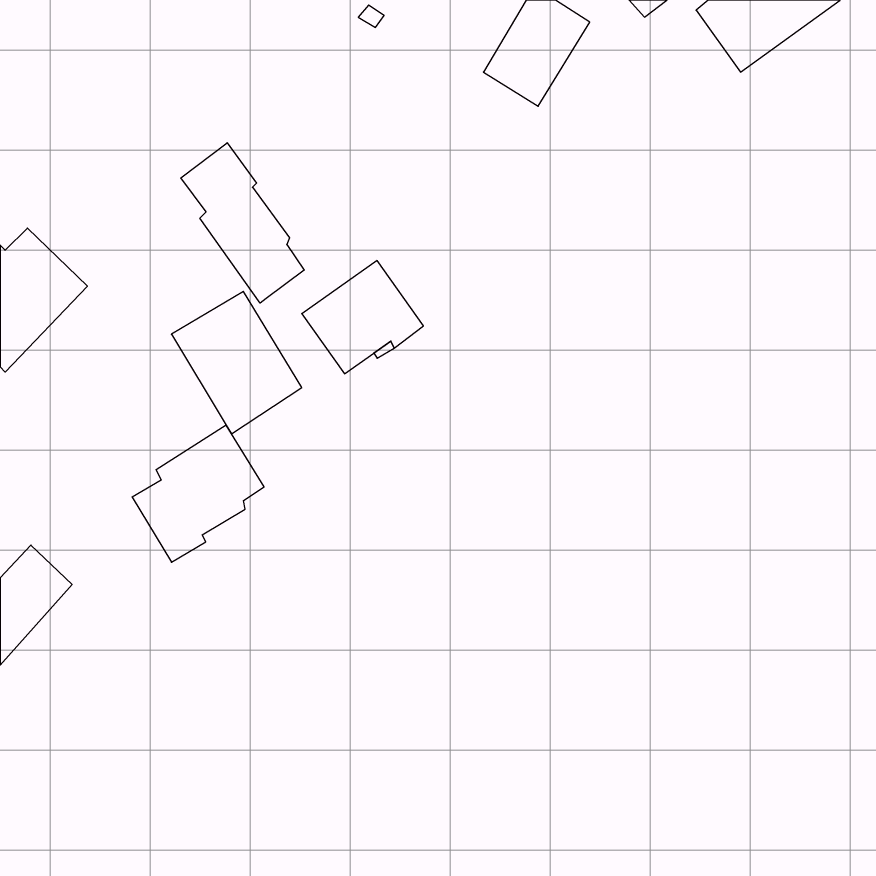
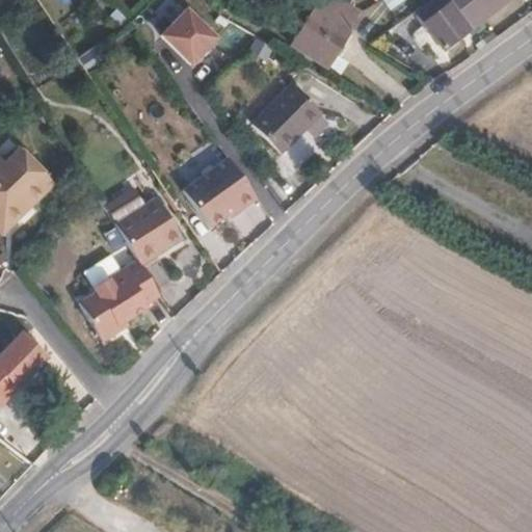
building: none -> [162,8,221,68]
building: none -> [250,83,320,151]
building: [181,143,304,303] -> none

